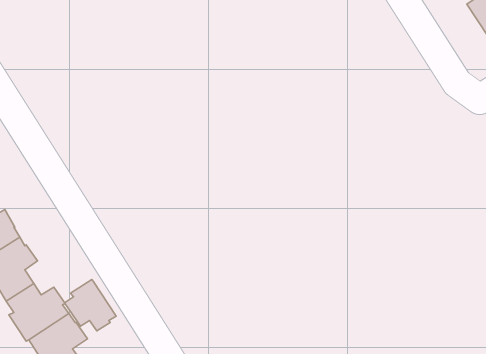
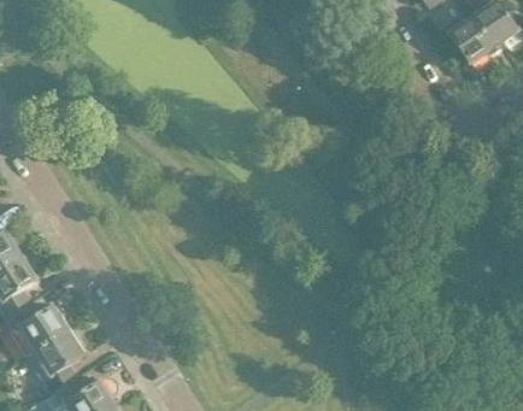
building: [64,279,116,331] -> none

